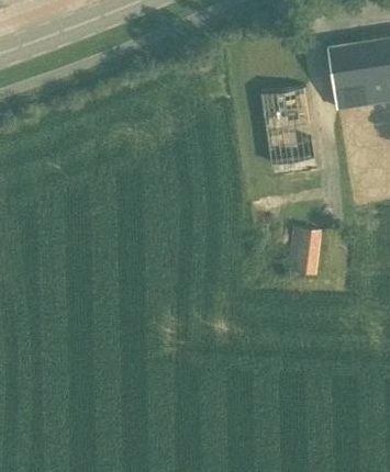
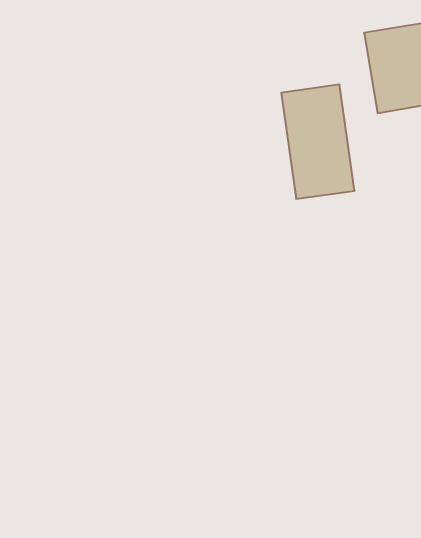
building: [286,226,321,274] -> none

